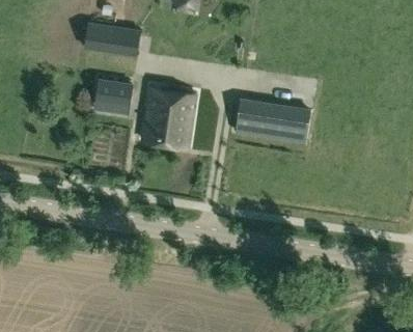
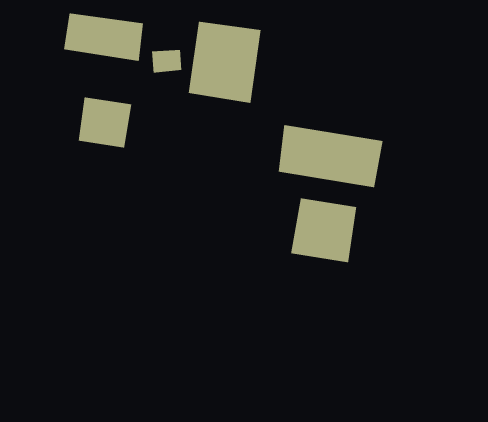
building: [141,90,193,148] -> [188,21,261,103]
building: none -> [291,198,357,263]

